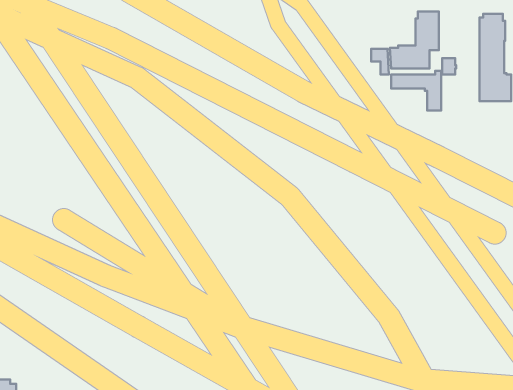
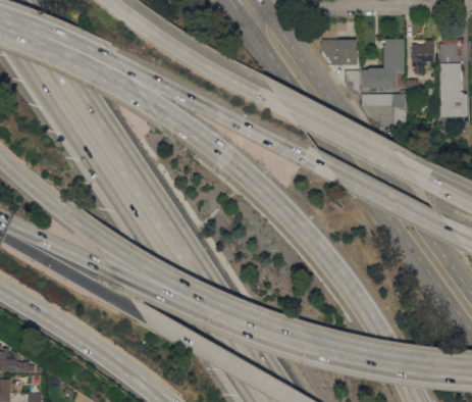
building: none -> [321,40,357,65]
building: none -> [412,41,433,73]

